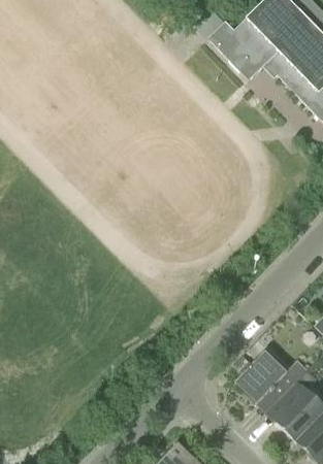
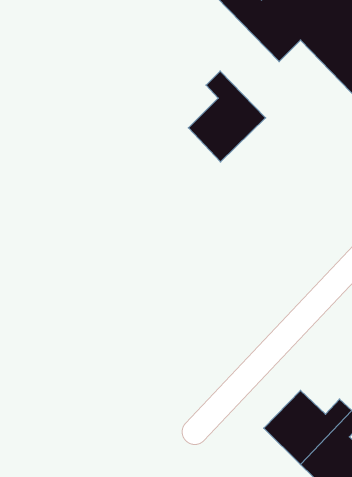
building: none -> [189,71,266,162]

